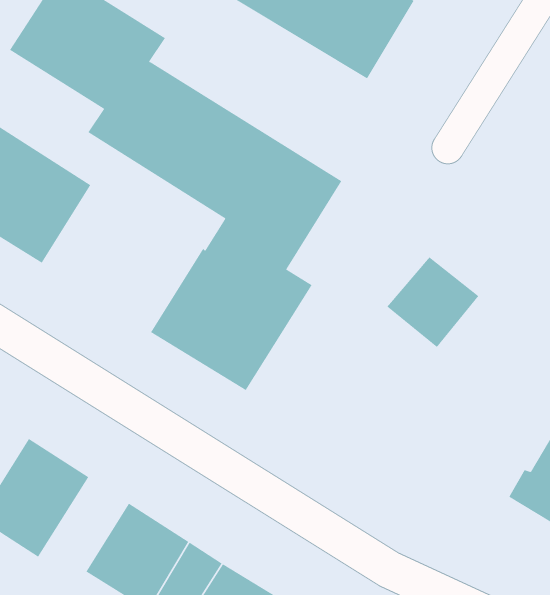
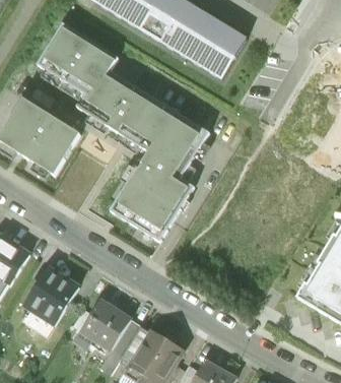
building: [387,256,479,348] -> none

